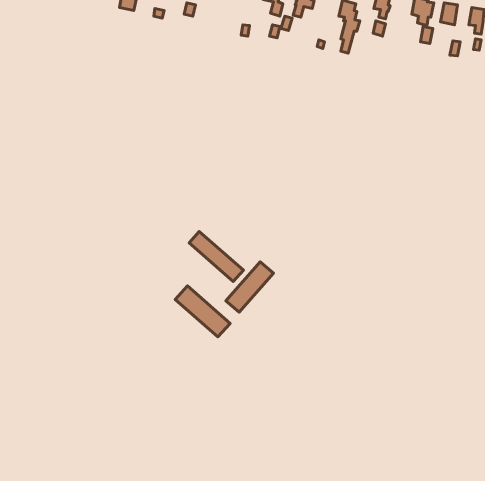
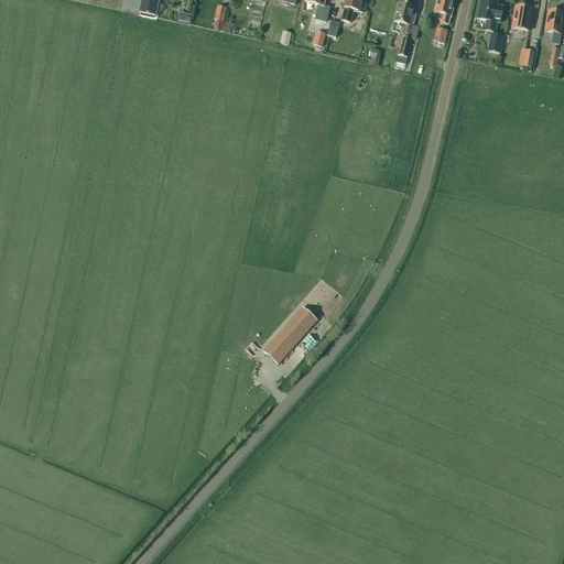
building: [189,231,243,282] -> none
building: [175,286,230,337] -> none

